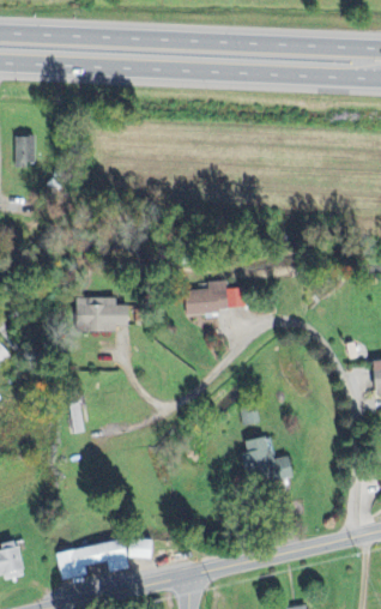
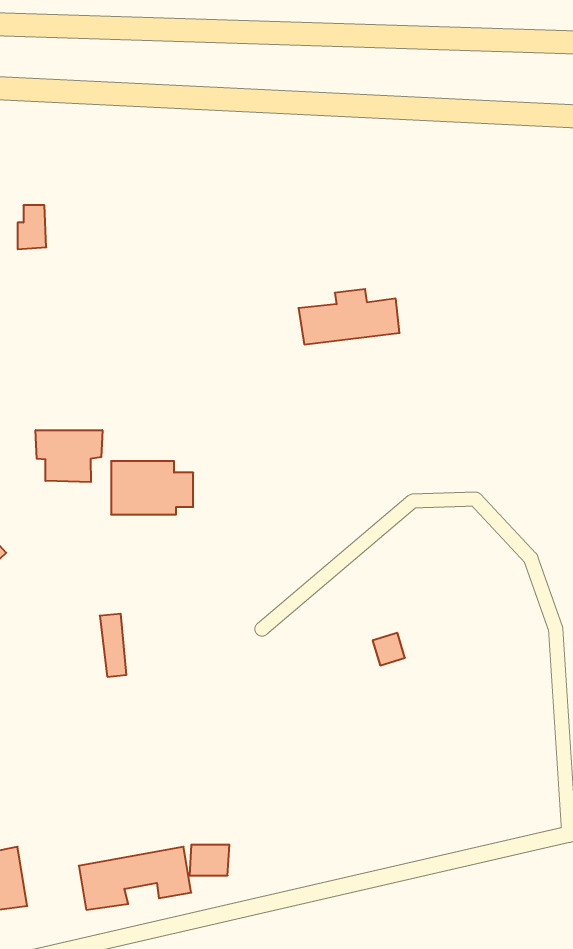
building: none -> [36,430,102,482]
building: [181,279,244,314] -> [298,289,400,344]
building: [238,435,289,484] -> none

